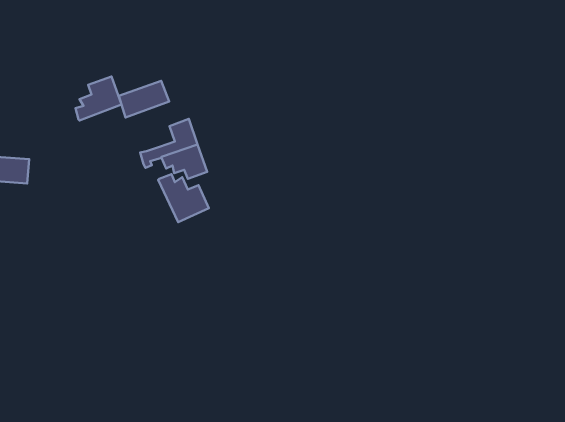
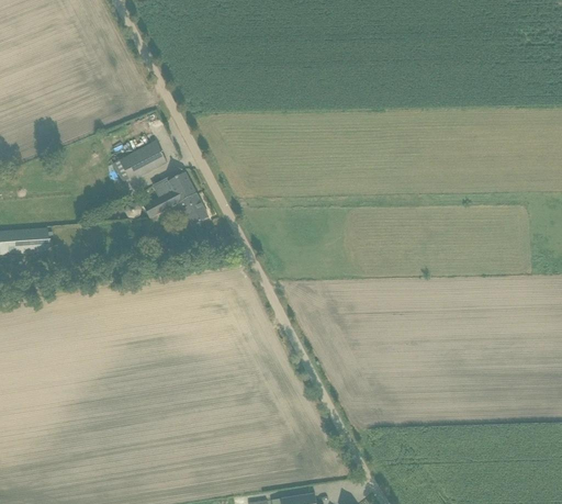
building: [75,77,121,120] -> none
building: [158,174,209,222] -> none

